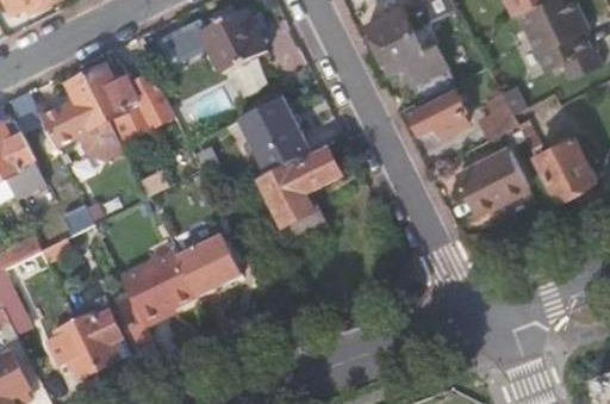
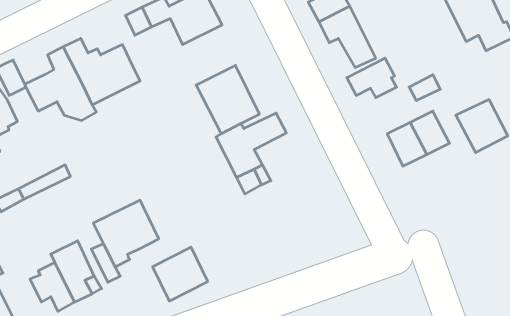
building: [176,236,239,298] -> [153,247,208,301]

